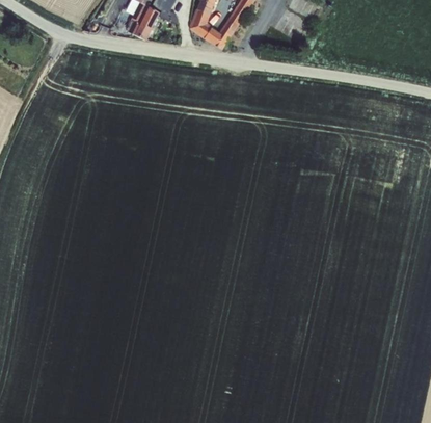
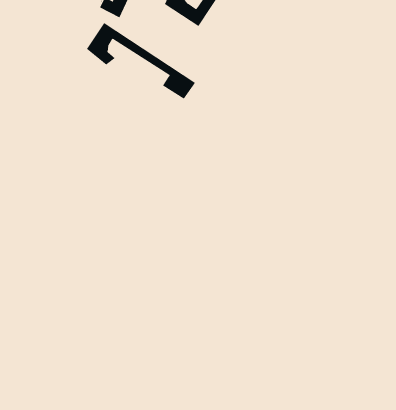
building: none -> [86,22,196,100]

